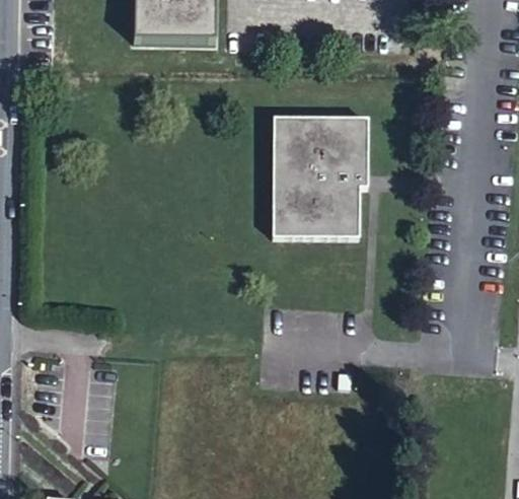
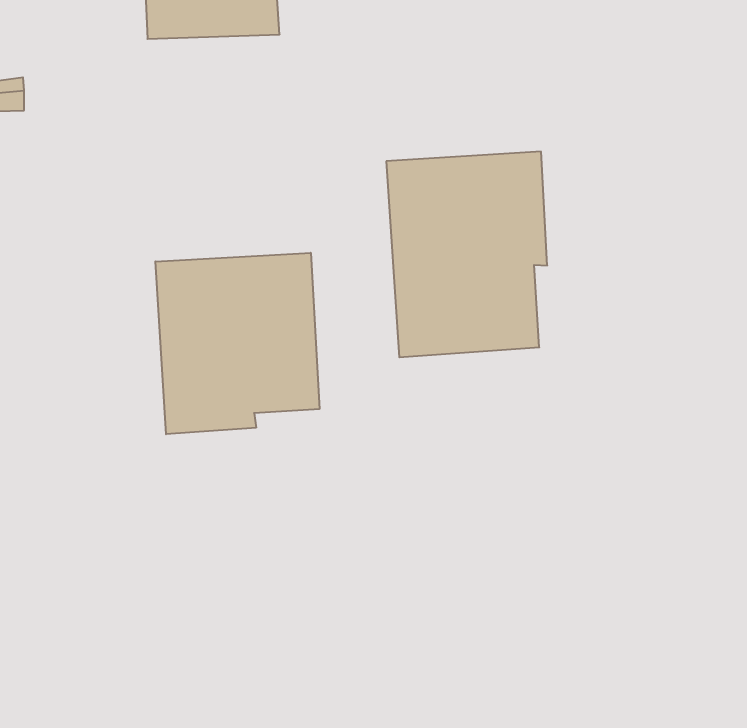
building: none -> [155,253,319,434]

